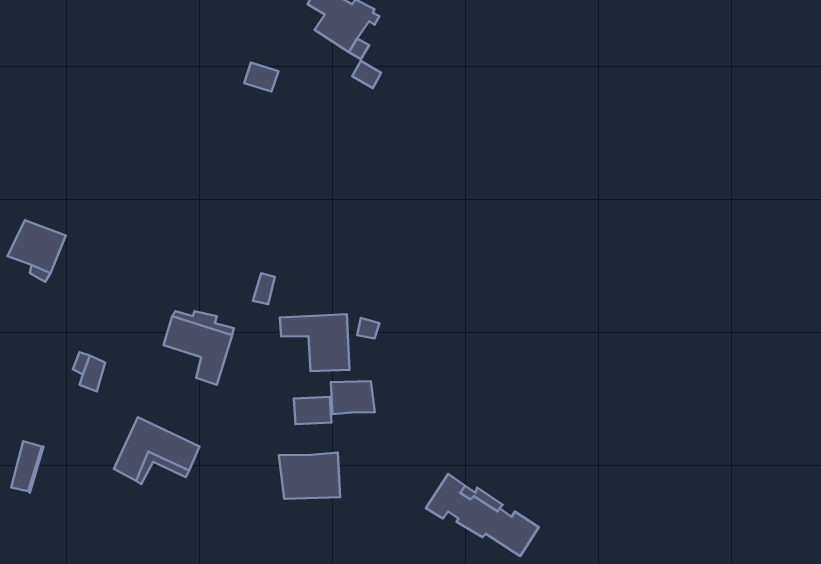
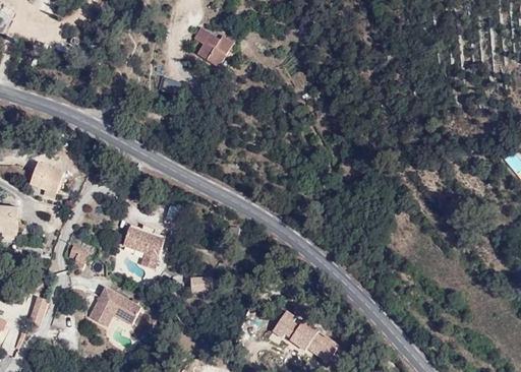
building: [280,314,350,371] -> none
building: [331,381,375,414] -> none
building: [279,452,340,499] -> none

